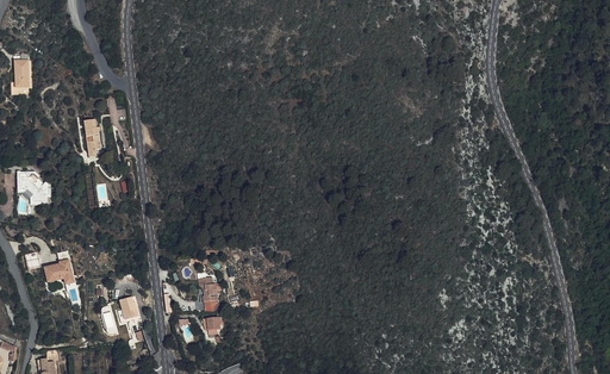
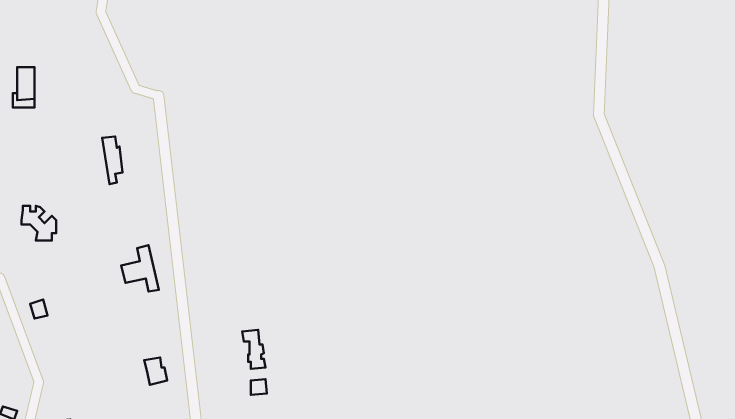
building: [44,250,75,288] -> [121,245,159,291]

